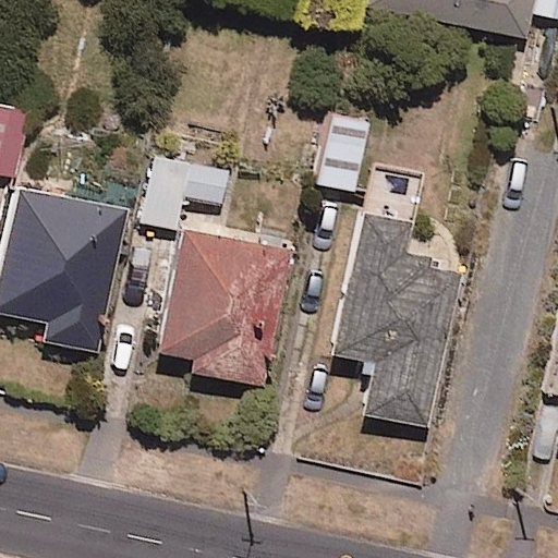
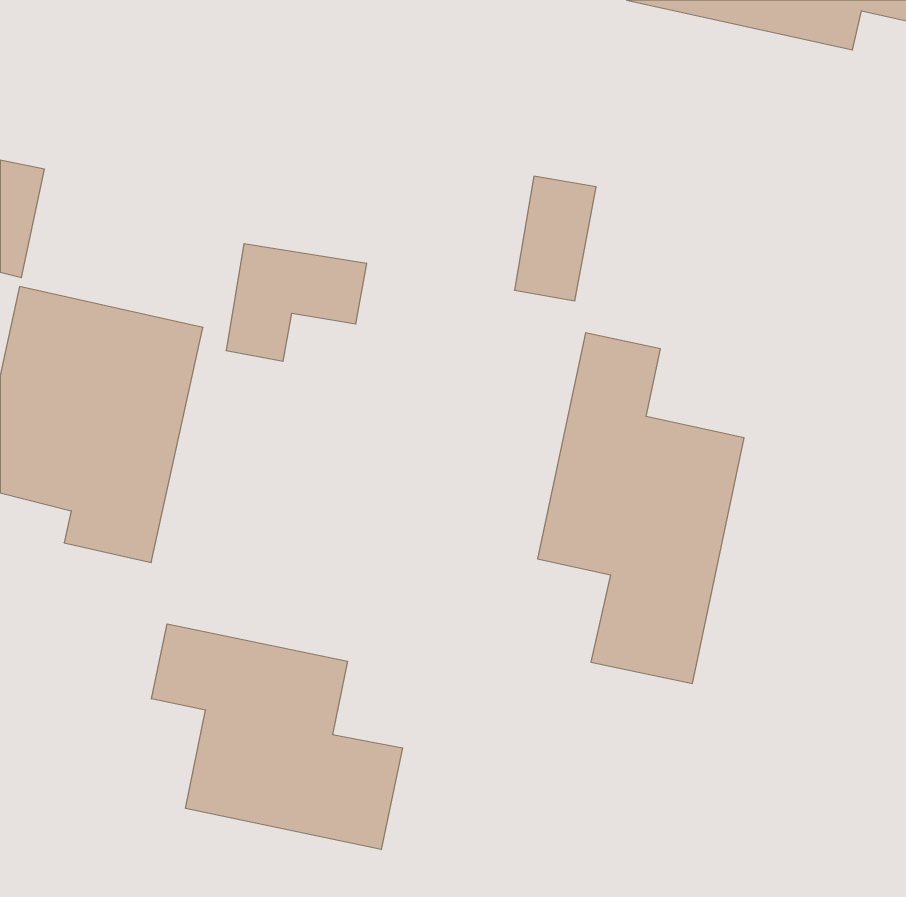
building: [154,228,290,385] -> none
building: none -> [152,624,403,850]

